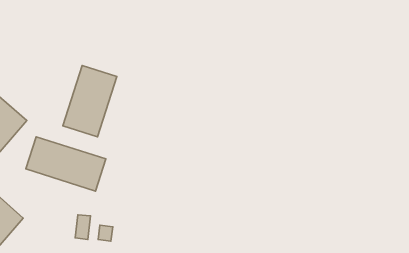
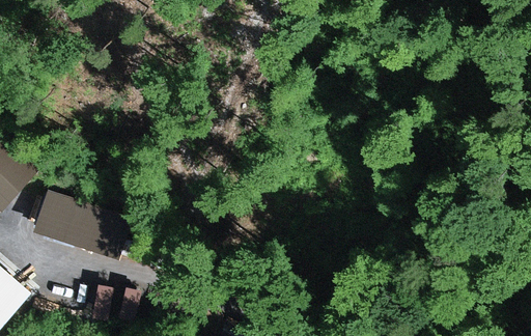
building: [63,65,117,137] -> none

